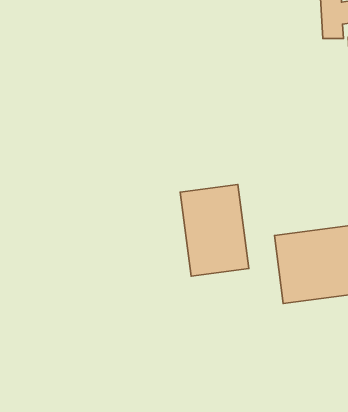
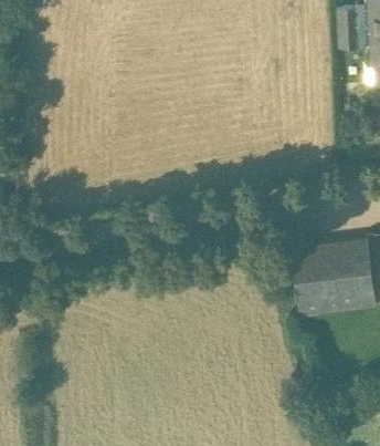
building: [180,185,249,276] -> none

